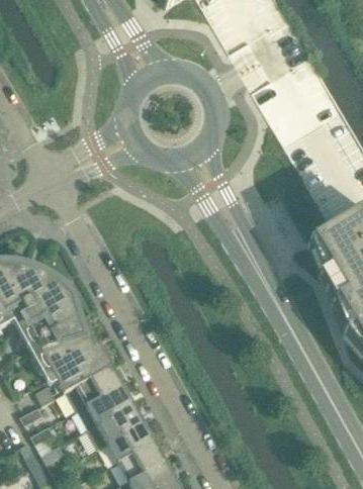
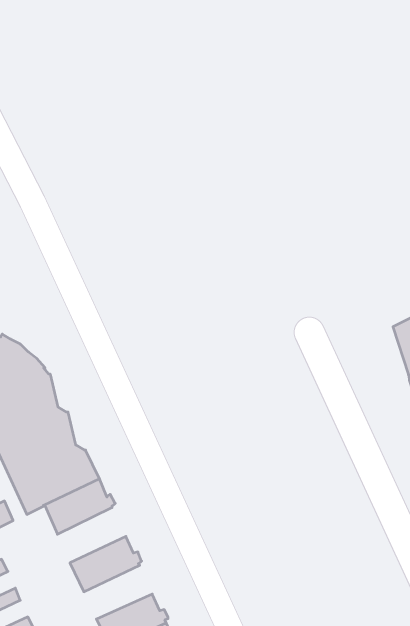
building: [75,381,133,426] -> none
building: [105,419,155,459] -> none

